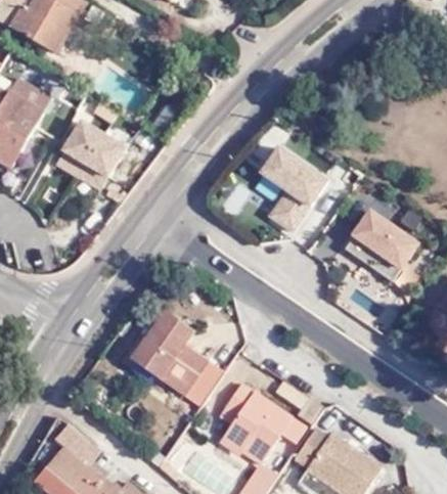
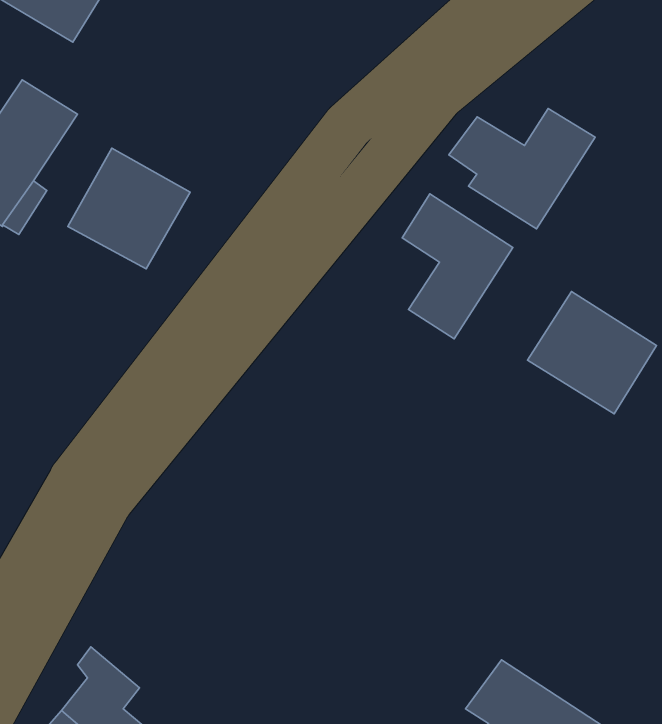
building: none -> [449,109,595,229]
building: [132,318,209,399] -> none
building: [226,388,313,469] -> none

